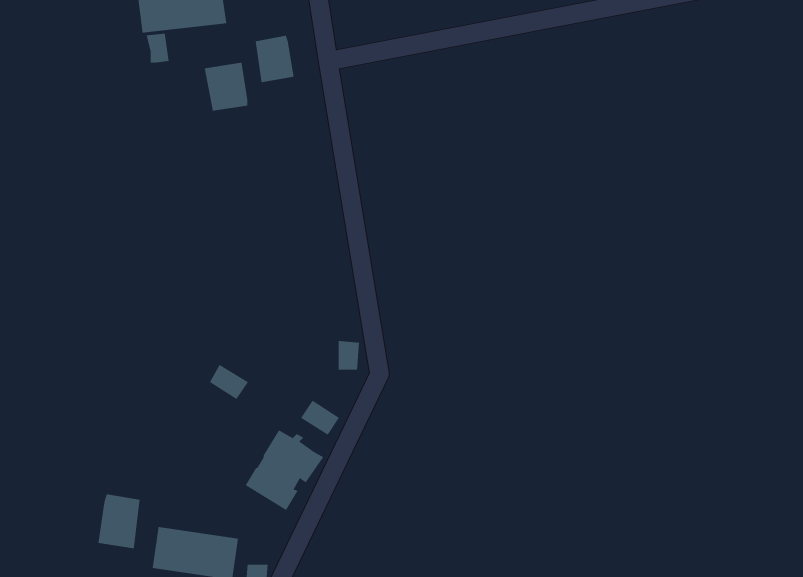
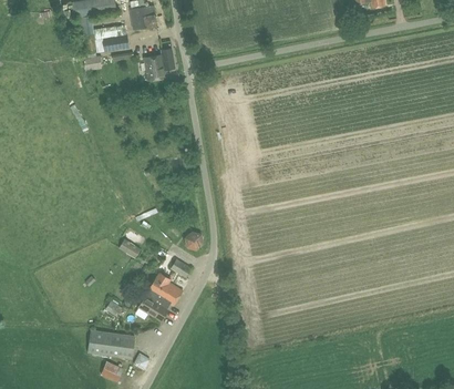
building: [204,62,248,112] -> none
building: [98,493,140,549] -> none

